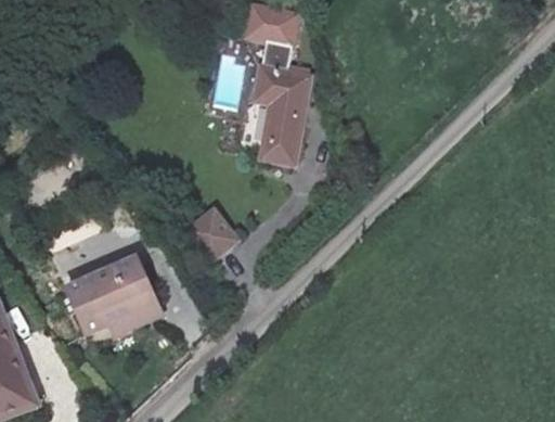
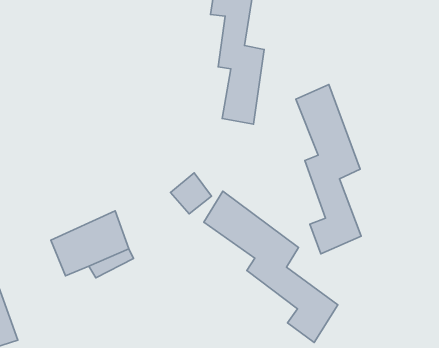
building: none -> [296,84,361,254]
building: none -> [204,191,338,343]

